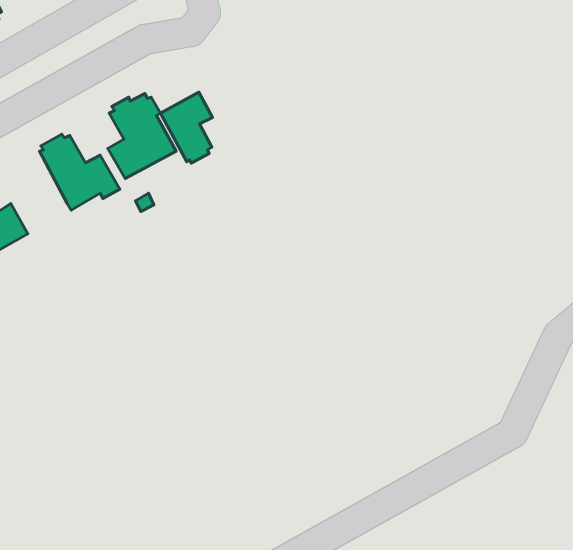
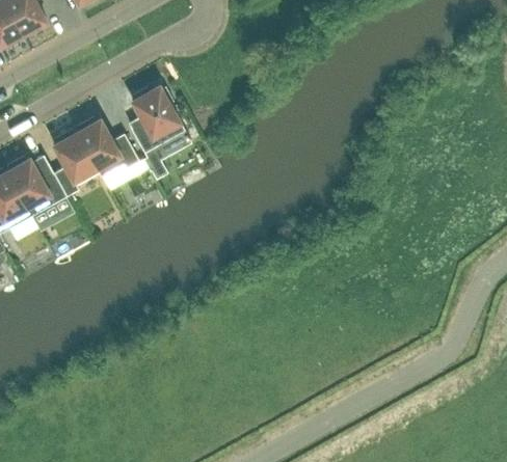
building: [160,92,213,163] -> none
building: none -> [53,129,99,195]

